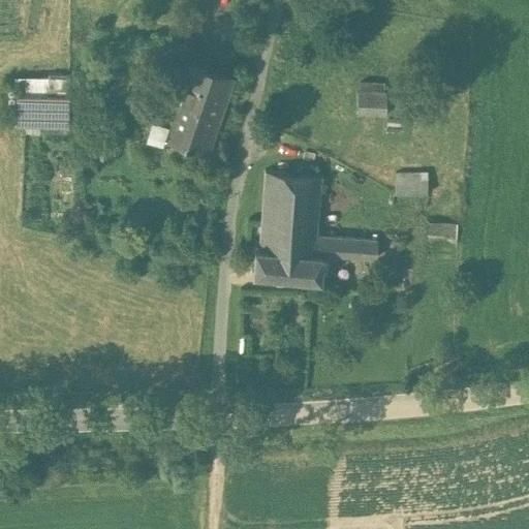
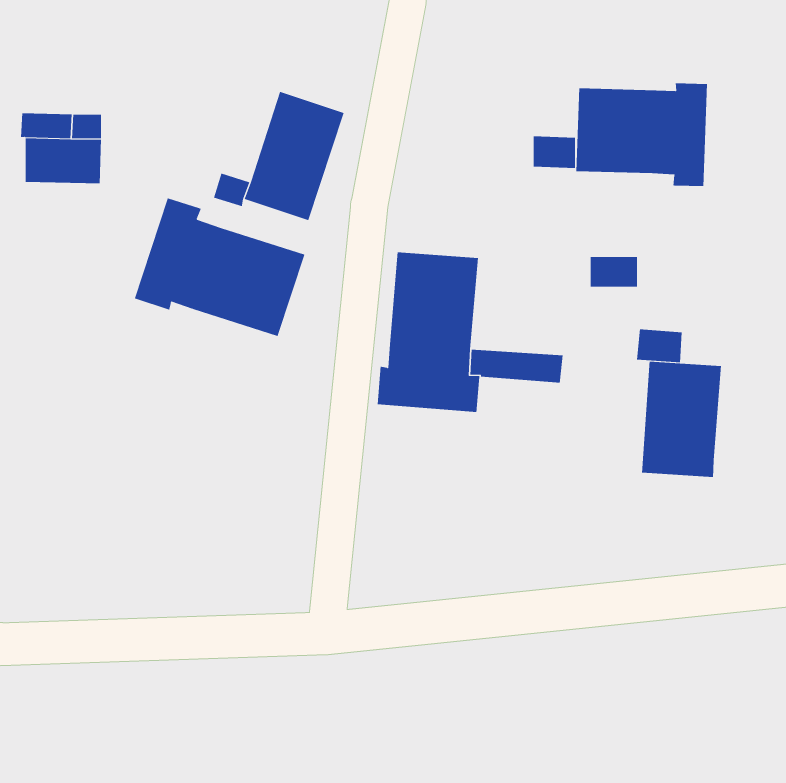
building: none -> [576,83,708,187]
building: none -> [134,198,305,337]
building: none -> [642,361,721,478]

